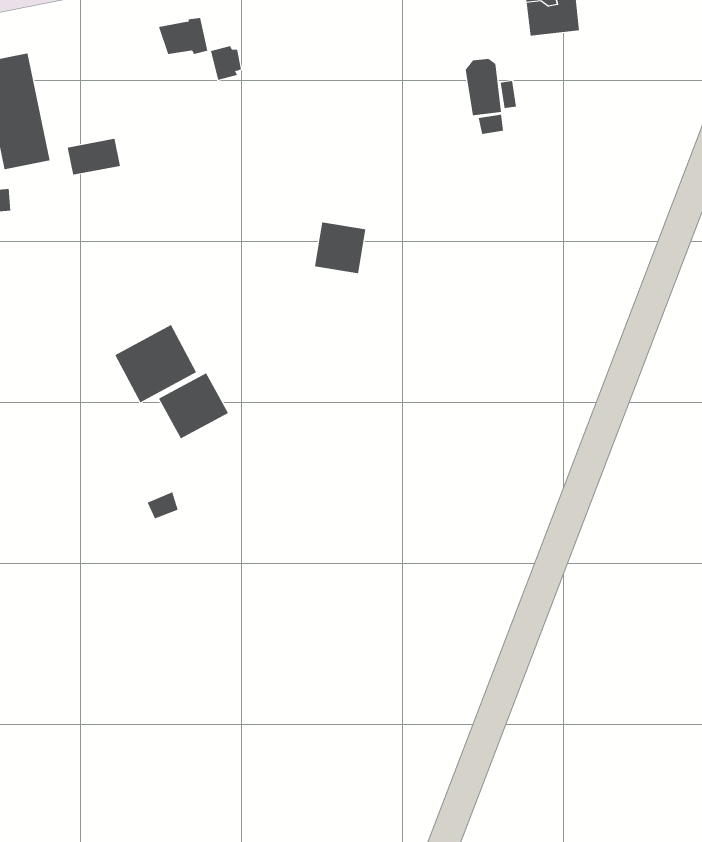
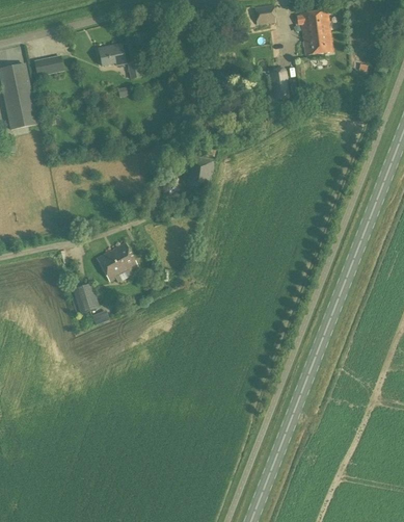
building: [67,138,121,175] -> [33,55,63,76]
building: [114,324,197,403] -> none
building: none -> [68,283,98,314]

